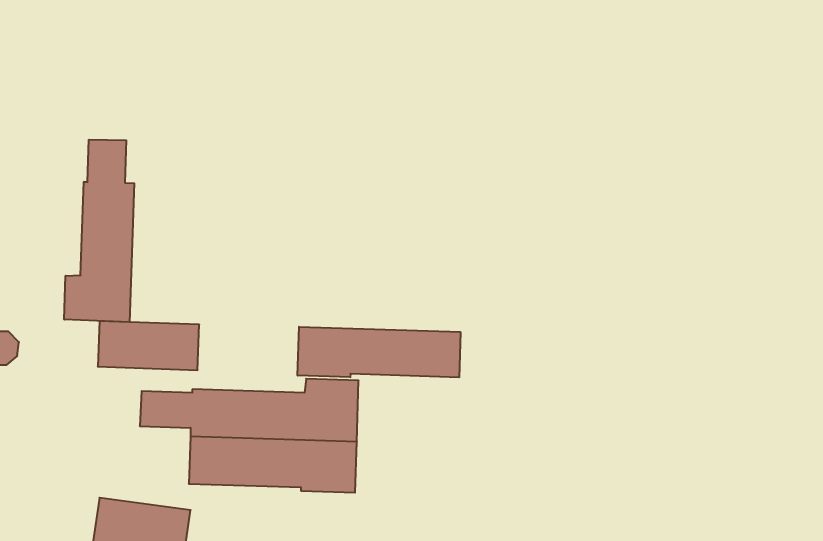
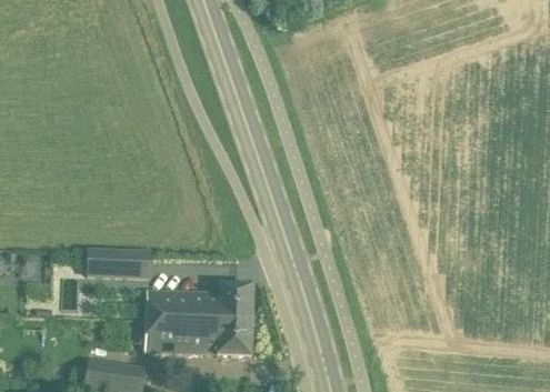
building: [64,140,134,322] -> none
building: [298,327,460,377] -> none

